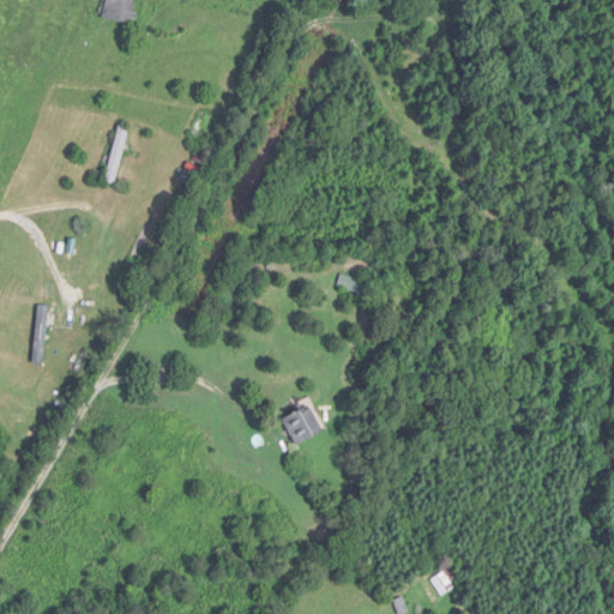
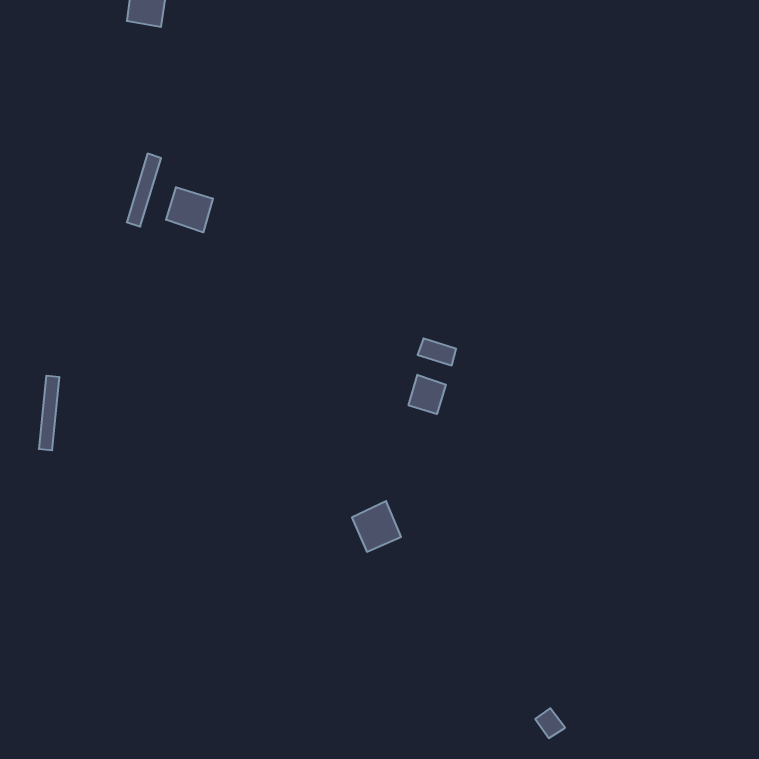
building: none -> [166,187,213,232]
building: none -> [409,375,446,414]

